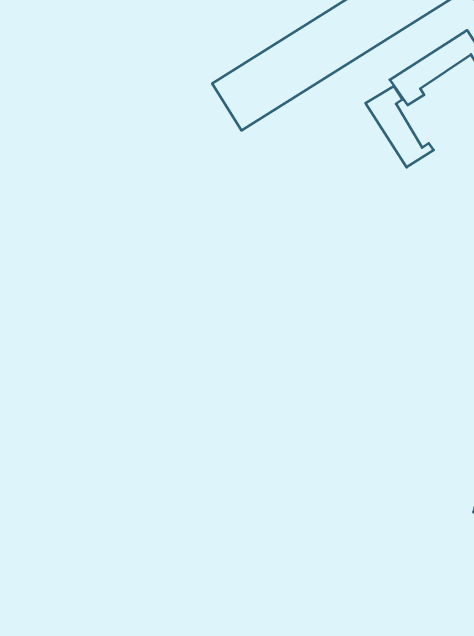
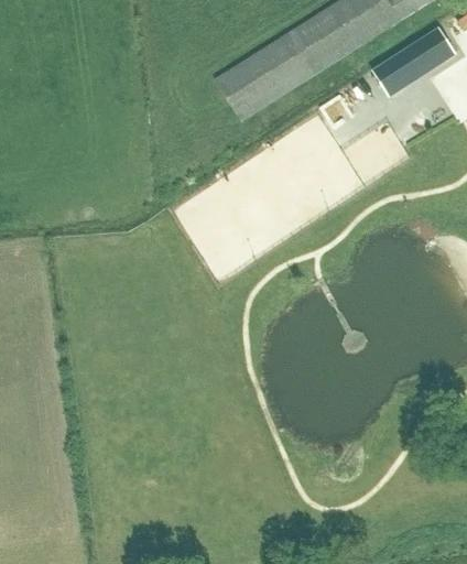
building: [366,86,434,167] -> none

